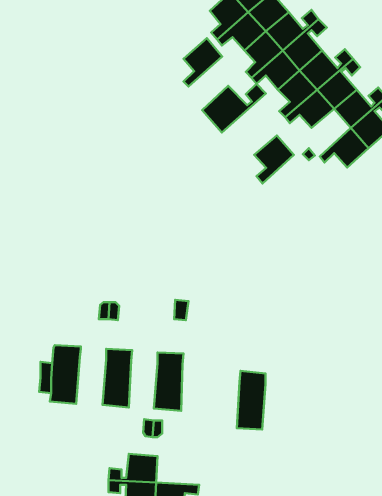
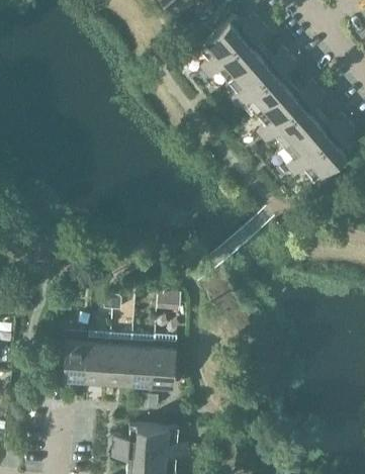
building: [184,38,222,86] -> none
building: [202,84,266,133] -> none
building: [254,136,294,183] -> [284,133,317,174]
building: none -> [85,335,110,384]
building: [237,371,266,429] -> [129,338,154,387]
building: none -> [153,428,189,452]

